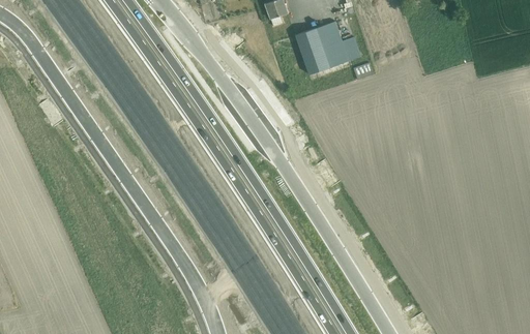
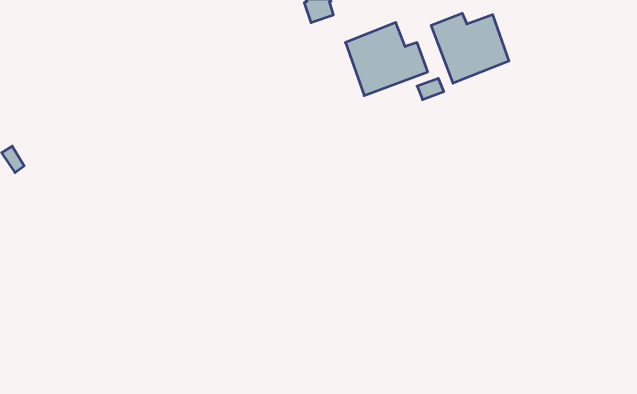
building: none -> [431,13,509,83]

